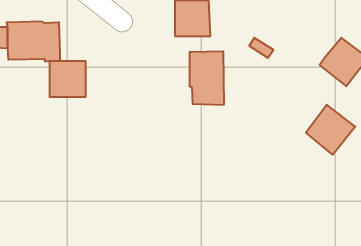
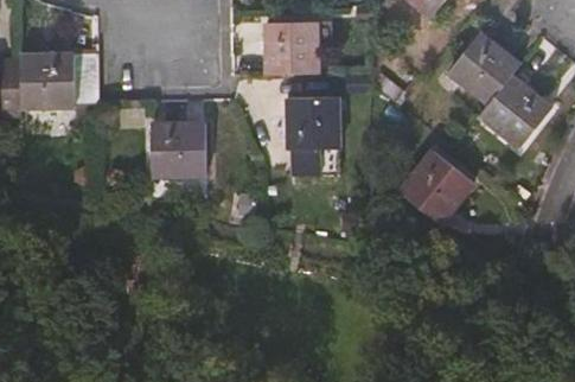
building: none -> [448,32,519,104]
building: [49,61,86,97] -> [152,123,205,176]
building: [306,105,355,155] -> [401,149,473,223]

